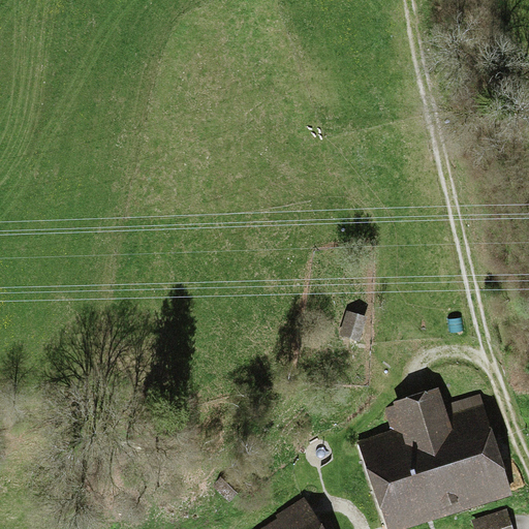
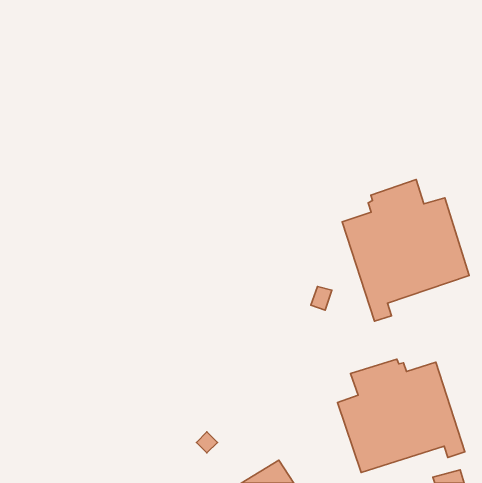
building: none -> [342,179,469,321]

